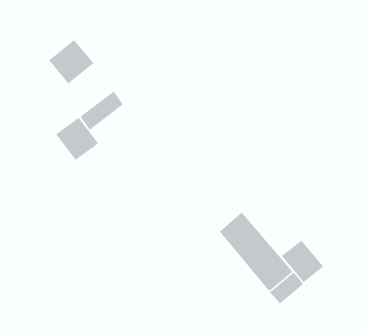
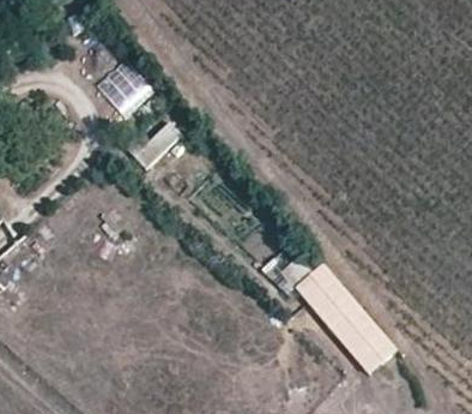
building: [55,117,99,161] -> none
building: [281,239,324,283] -> none

